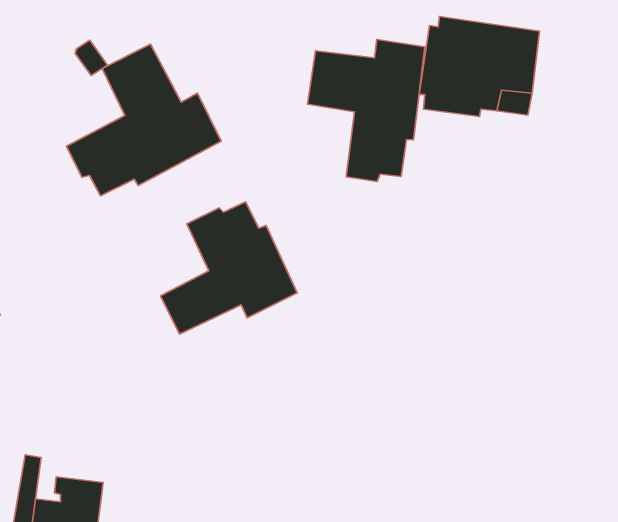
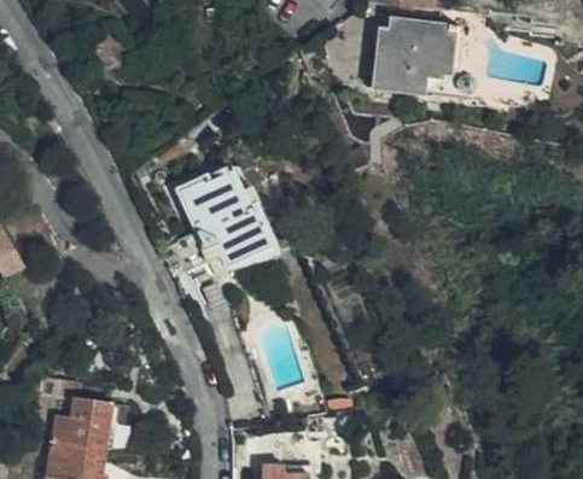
building: [308,40,425,181] -> none
building: [66,44,221,196] -> none

